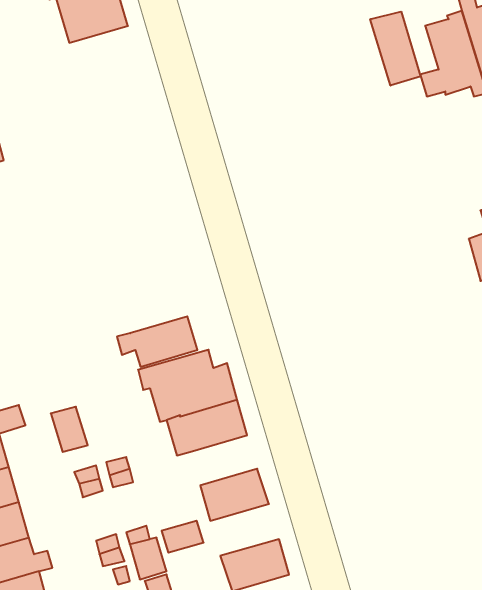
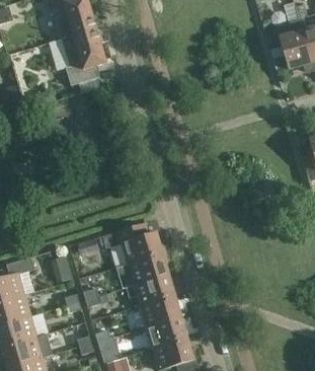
building: [370,12,421,86] -> none
building: none -> [61,27,106,85]
building: [117,316,197,367] -> [126,275,174,305]
building: none -> [146,316,187,348]

